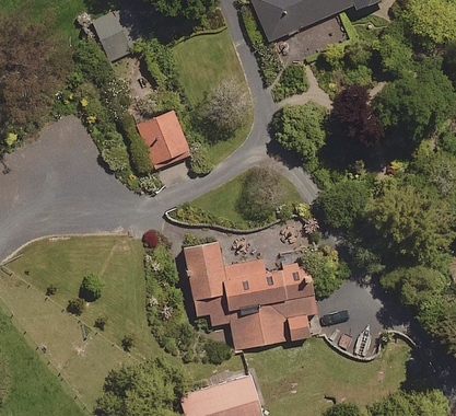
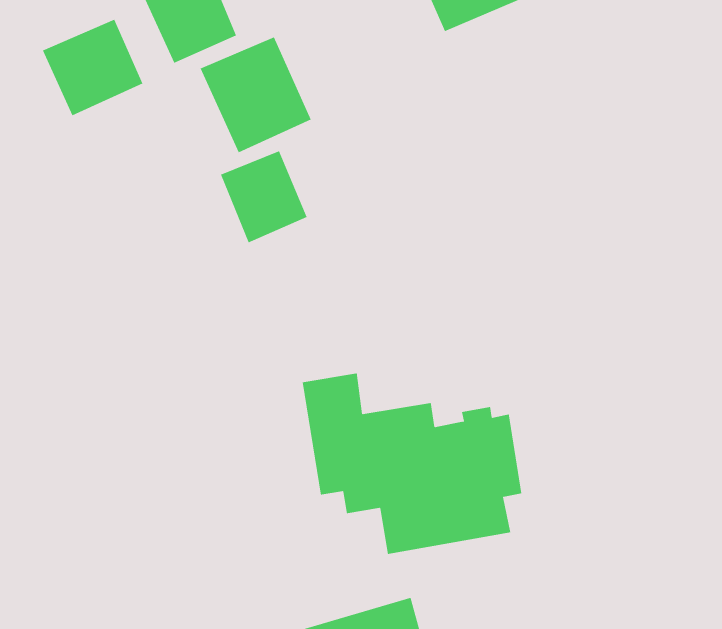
building: none -> [42,19,143,116]
building: none -> [200,36,311,153]

